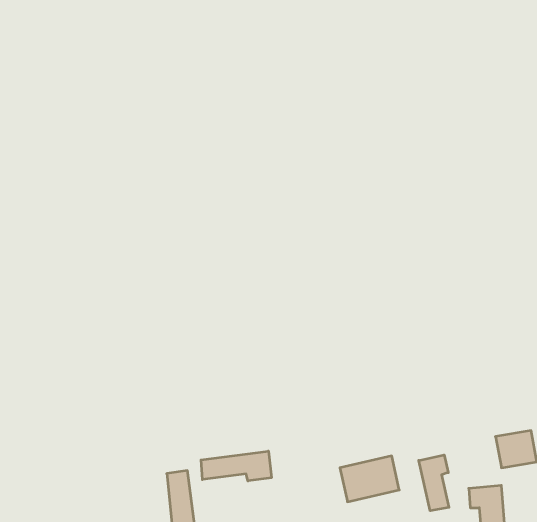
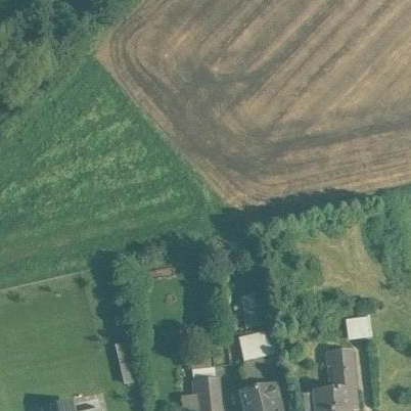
building: [201,451,271,481] -> none
building: [419,455,449,511] -> none

